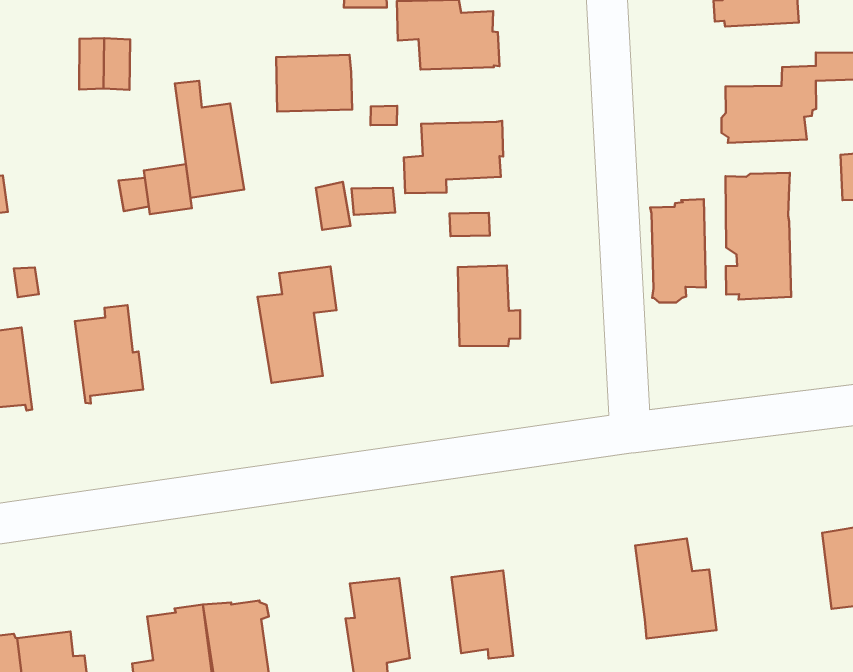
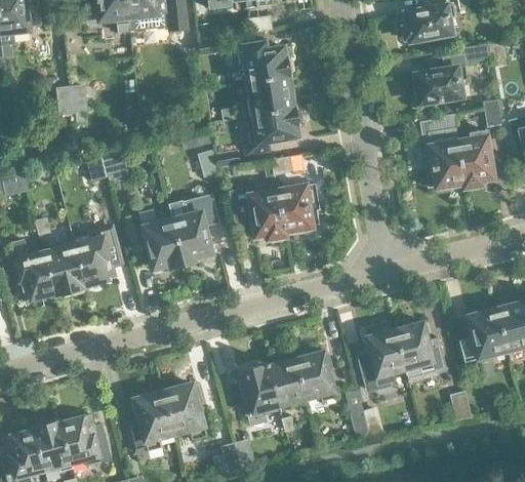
building: [276,55,352,112] -> [246,77,291,113]
building: [175,81,244,198] -> [140,208,186,273]
building: [650,199,706,303] -> [457,130,493,190]
building: none -> [232,184,286,242]
building: none -> [45,242,85,295]
building: none -> [459,310,508,369]
building: none -> [367,329,406,383]
building: none -> [270,359,308,406]

